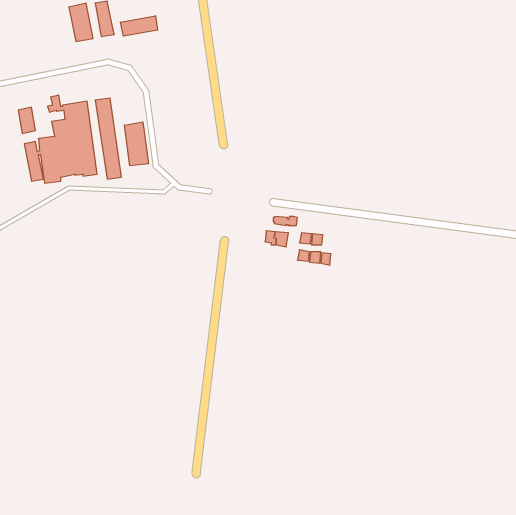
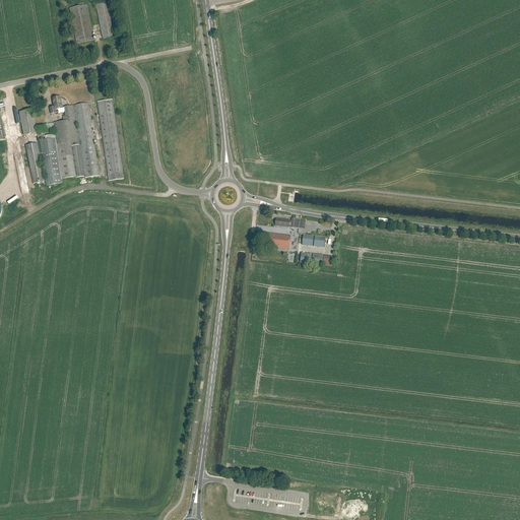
building: [121,16,158,36] -> none
building: [124,122,148,166] -> none

